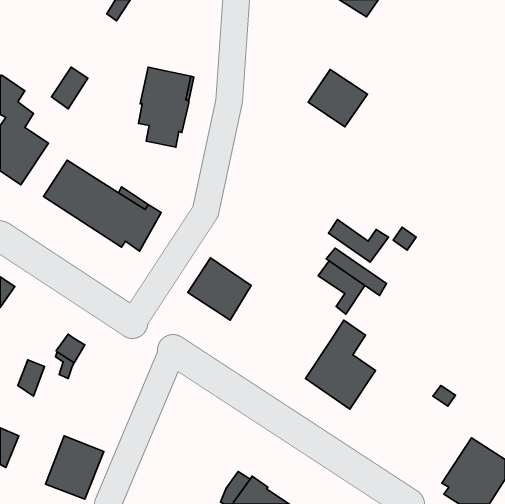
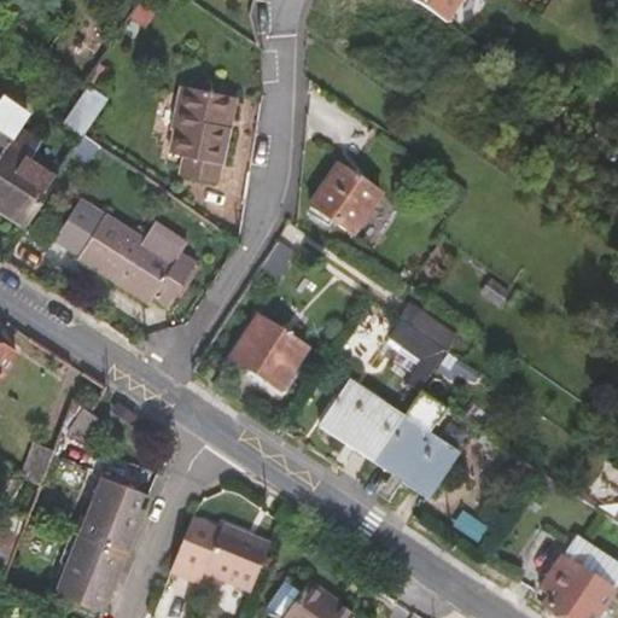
building: [308,70,368,127] -> [309,164,381,234]
building: [329,219,389,262] -> none
building: none -> [319,379,404,462]
building: none -> [78,473,150,552]
building: none -> [168,515,270,591]

